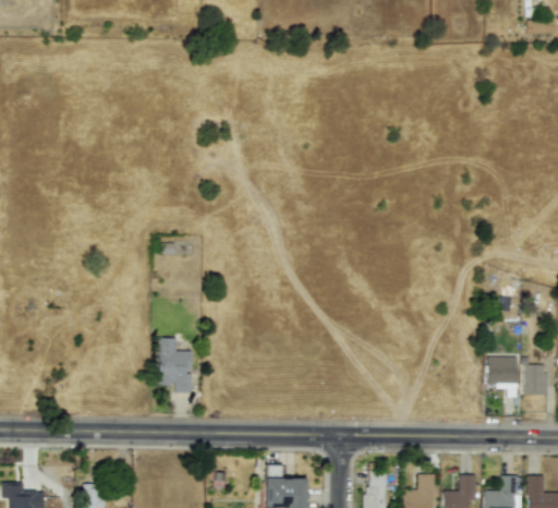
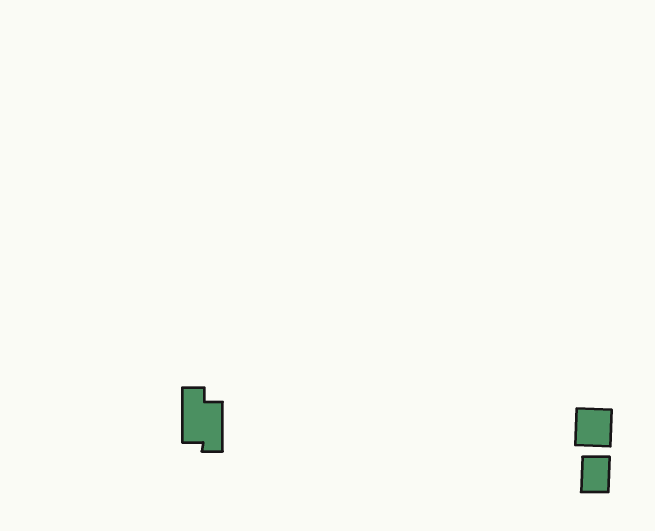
building: [523,364,547,394] -> [581,457,610,492]

